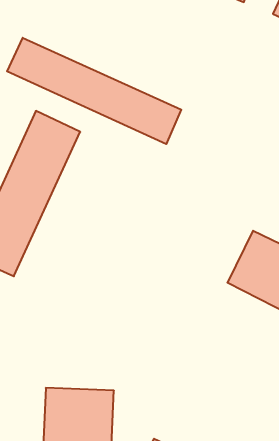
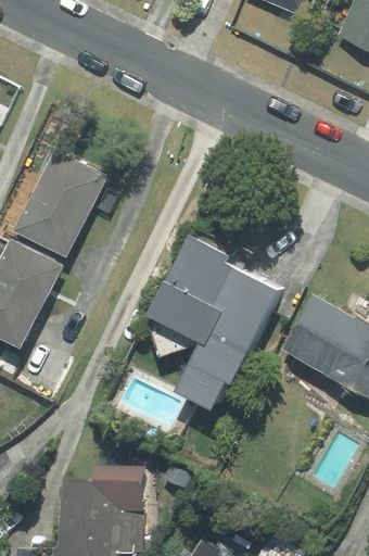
building: [7,38,181,144] -> none
building: none -> [154,233,279,412]

